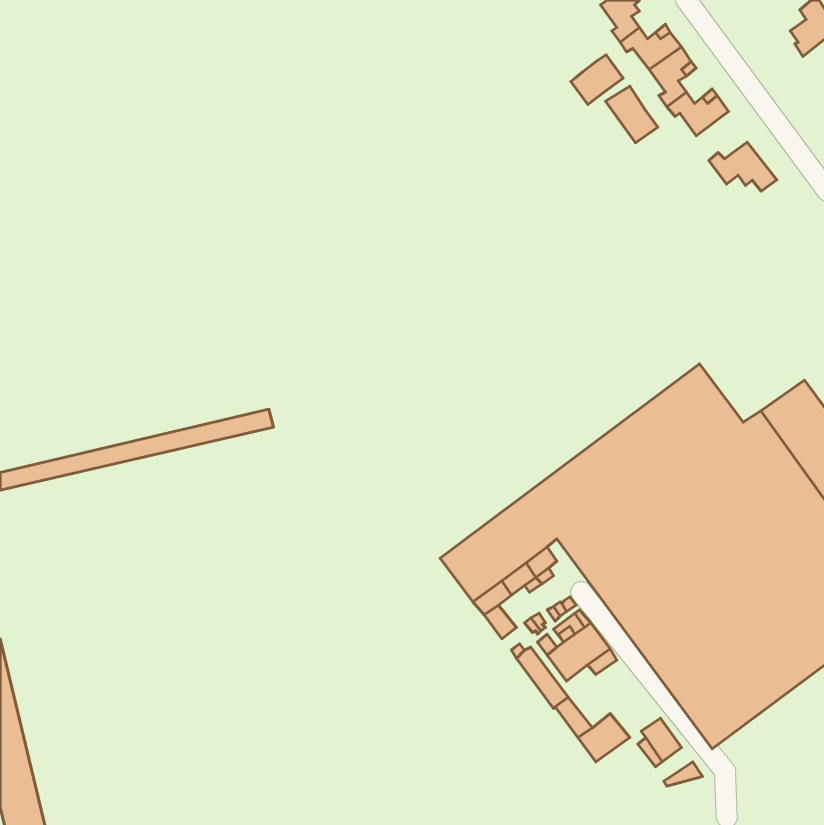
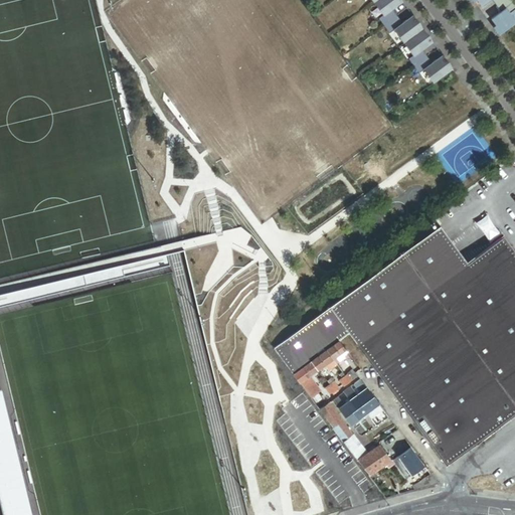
building: [571,55,623,105] -> none
building: [606,86,658,143] -> none
building: [709,142,777,191] -> none

